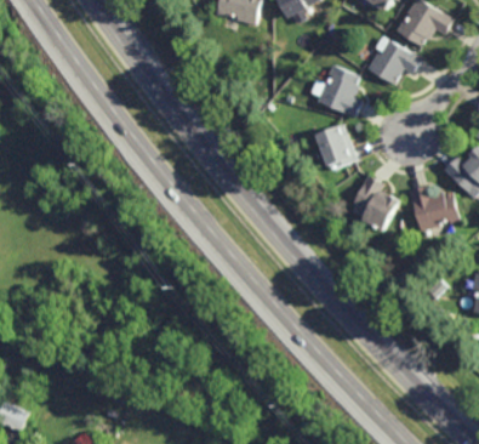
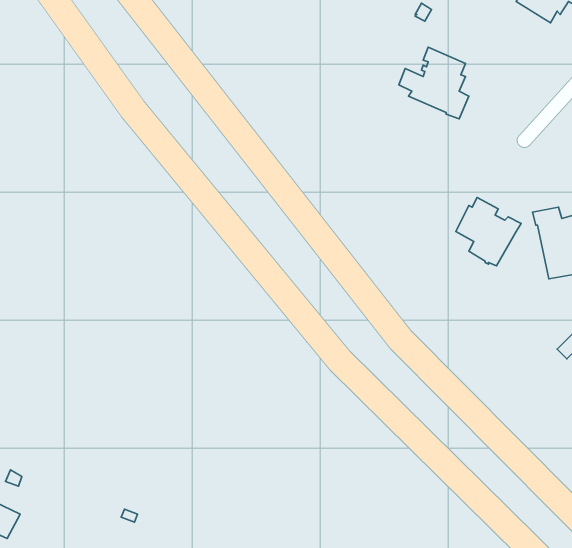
building: [366,36,421,86] -> none
building: [317,125,358,173] -> none

